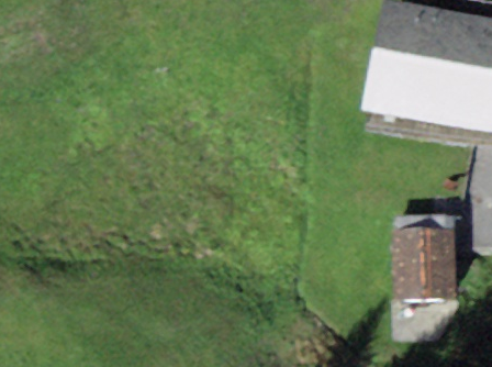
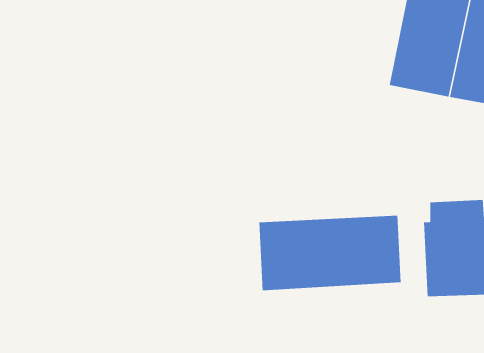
building: none -> [259,215,401,291]

